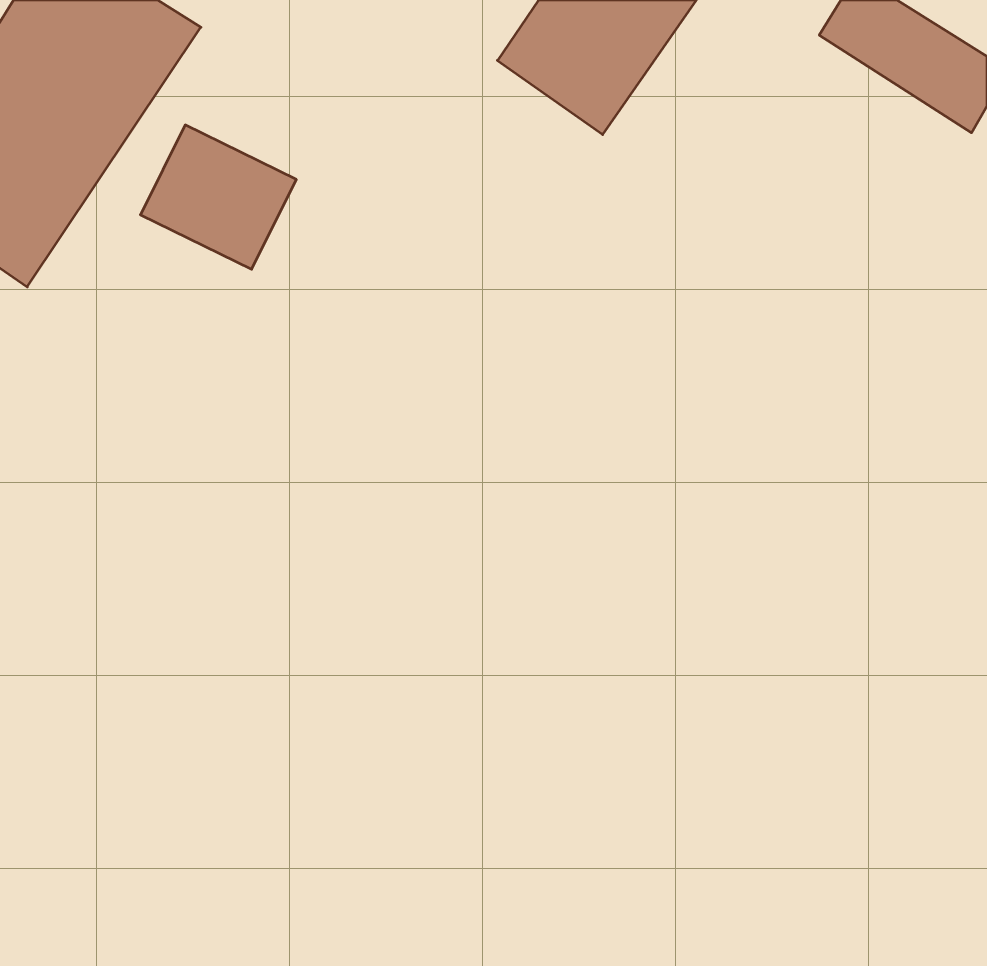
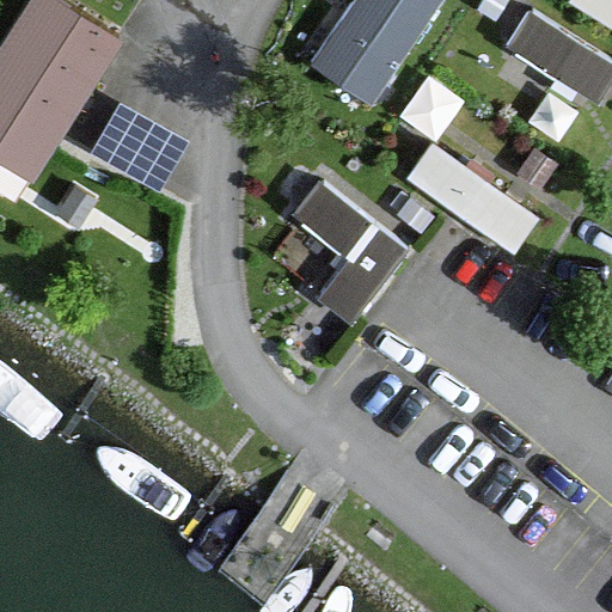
building: none -> [402,133,538,247]
building: none -> [290,176,409,319]

